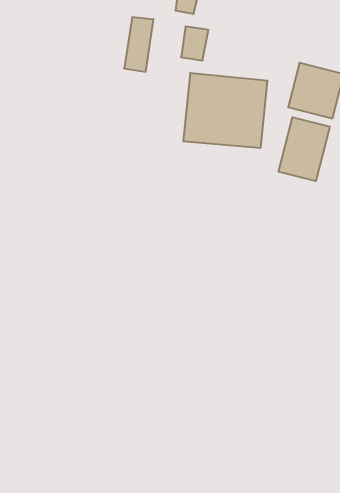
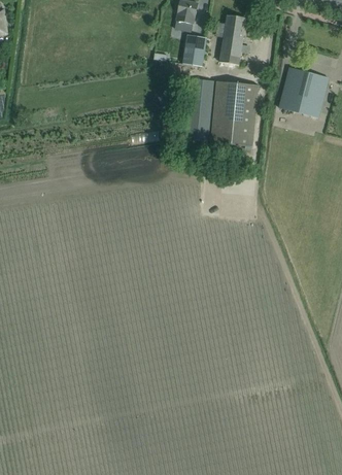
building: [124,17,154,72] -> [219,14,246,64]
building: [279,117,330,181] -> none

